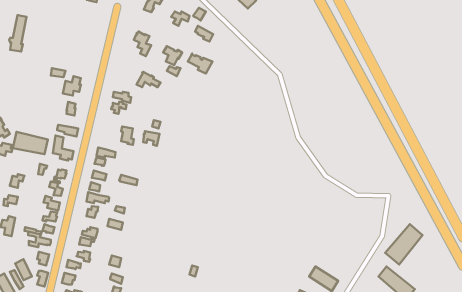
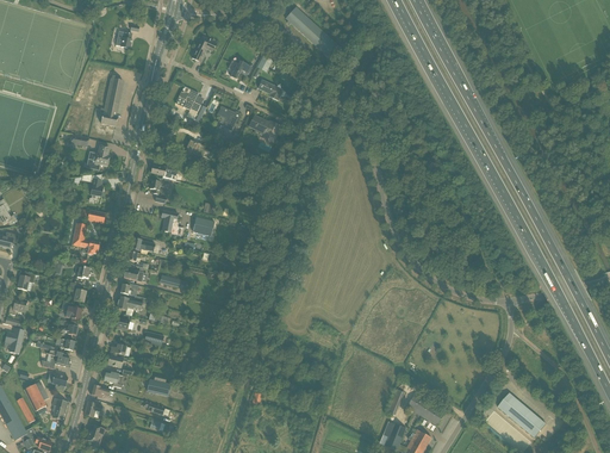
building: [9,15,27,52] -> [100,77,123,125]
building: [13,132,48,154] -> none
building: [385,224,423,265] -> none

